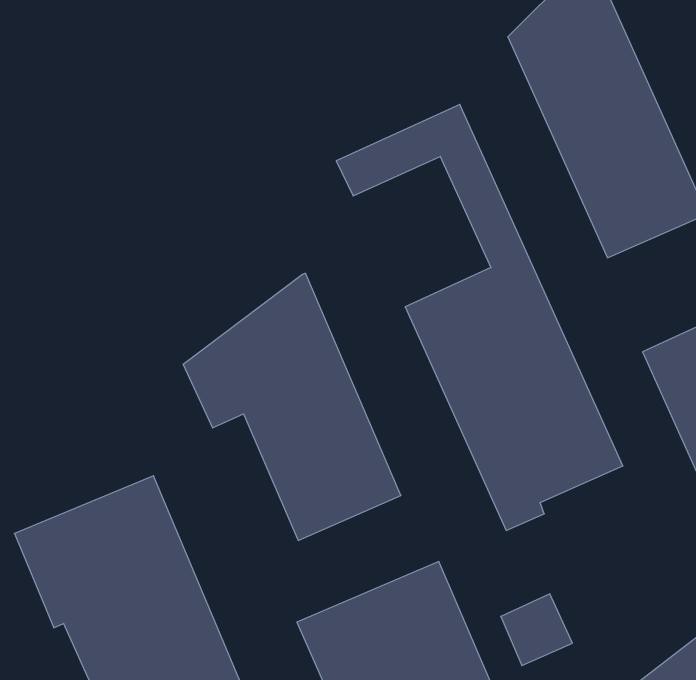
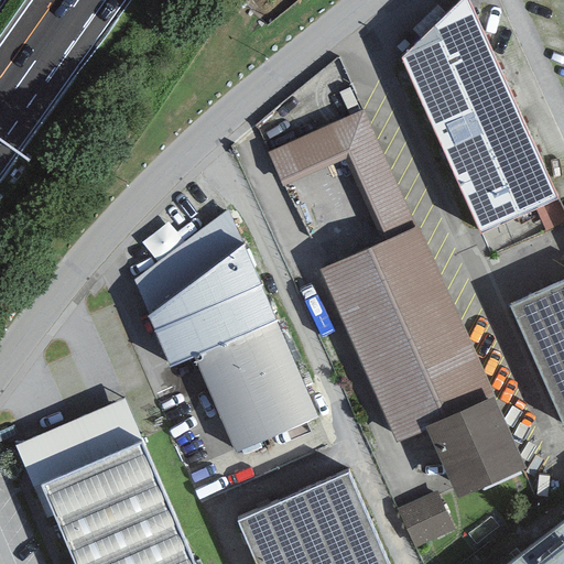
building: none -> [134,213,241,315]
building: none -> [427,394,524,495]

